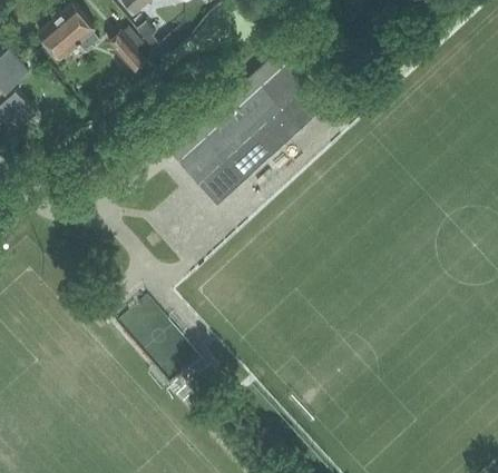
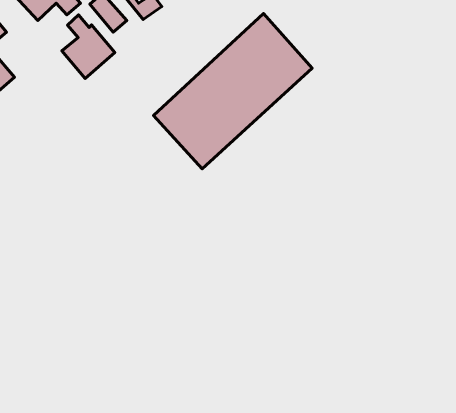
building: none -> [62,15,115,79]

